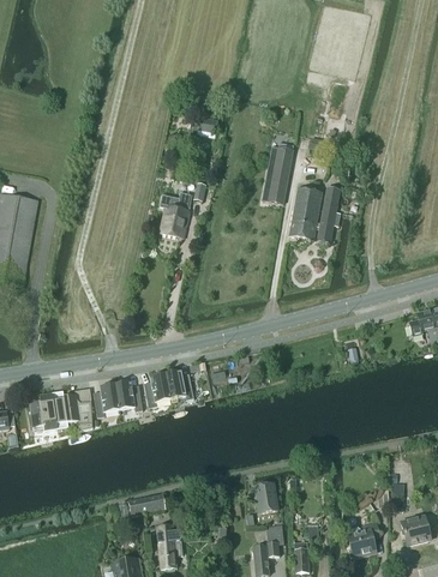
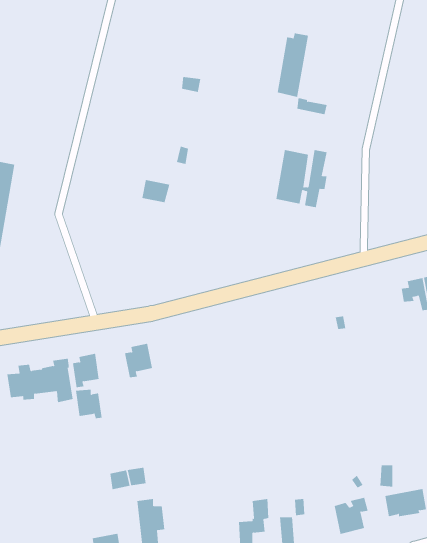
building: [263,142,294,204] -> [277,33,309,98]
building: [160,191,192,220] -> none
building: [167,369,194,399] -> none
building: [116,381,143,410] -> [75,389,103,419]
building: [256,482,278,512] -> none

